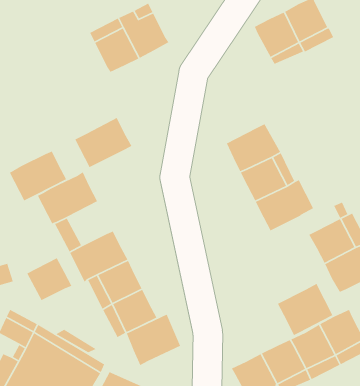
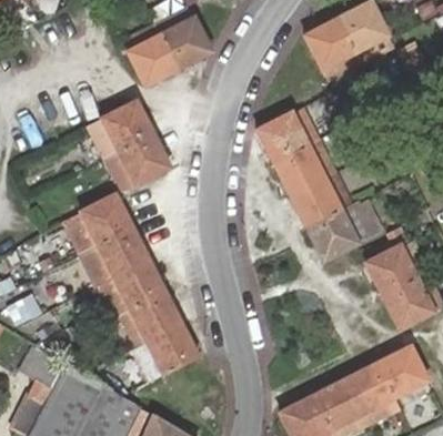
building: none -> [255,108,316,162]
building: [9,150,67,202] -> [89,101,153,158]
building: [26,257,72,301] -> [98,226,149,275]
building: [277,283,333,336] -> none
building: [126,313,181,366] -> none

